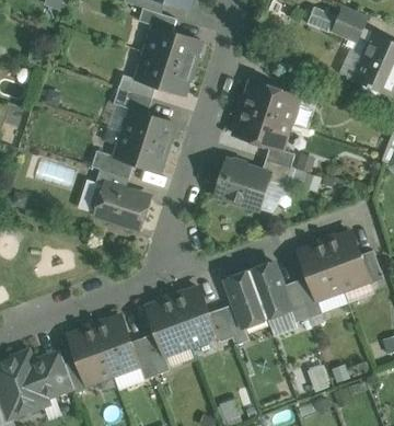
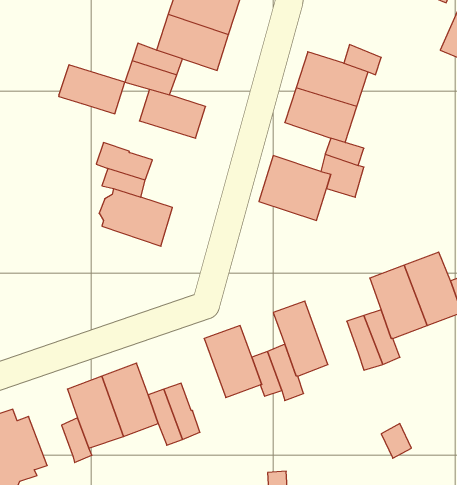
building: [115,134,165,171] -> [59,65,125,114]
building: [248,262,289,319] -> none
building: [146,299,188,354] -> none
building: [38,352,72,395] -> none

